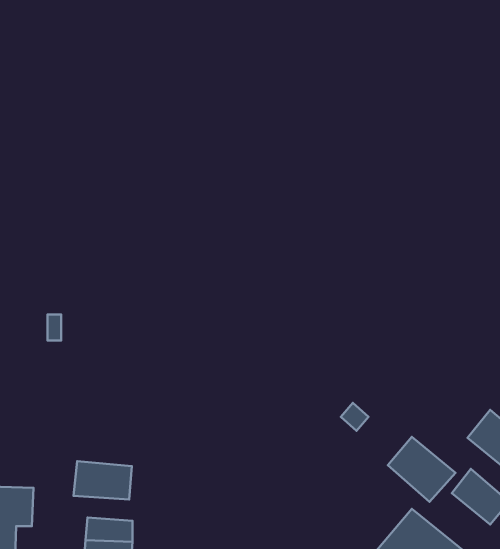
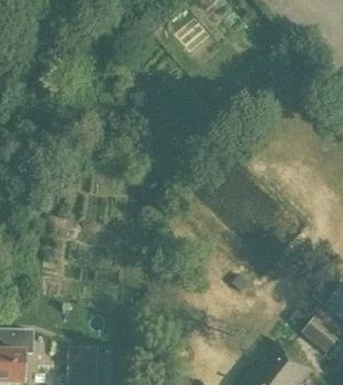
building: [388,437,455,502] -> none
building: [73,461,132,500] -> none

